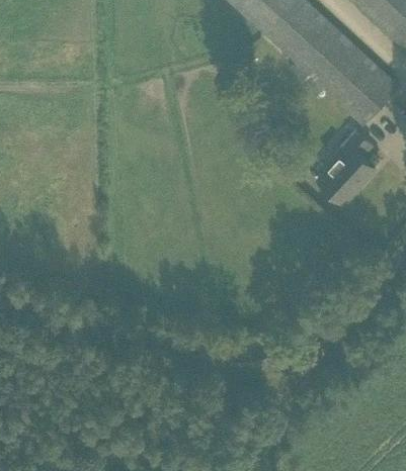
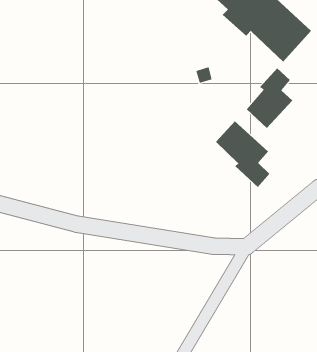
building: none -> [215,121,270,188]

